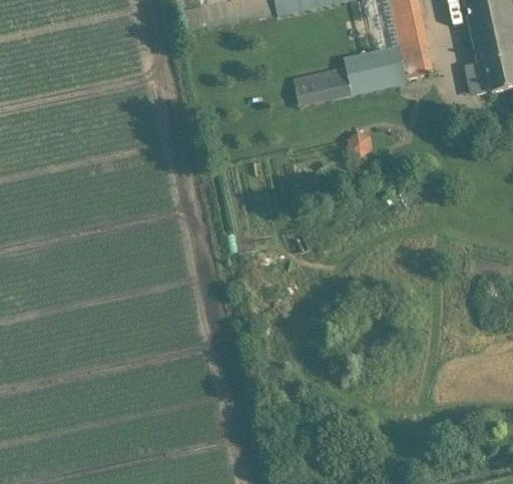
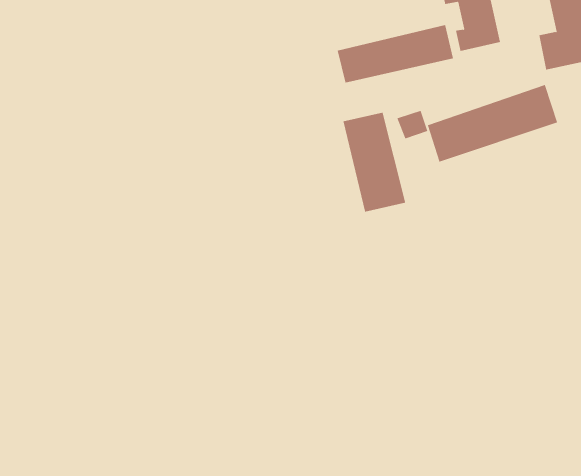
building: none -> [427,84,558,162]
building: none -> [343,112,406,213]

